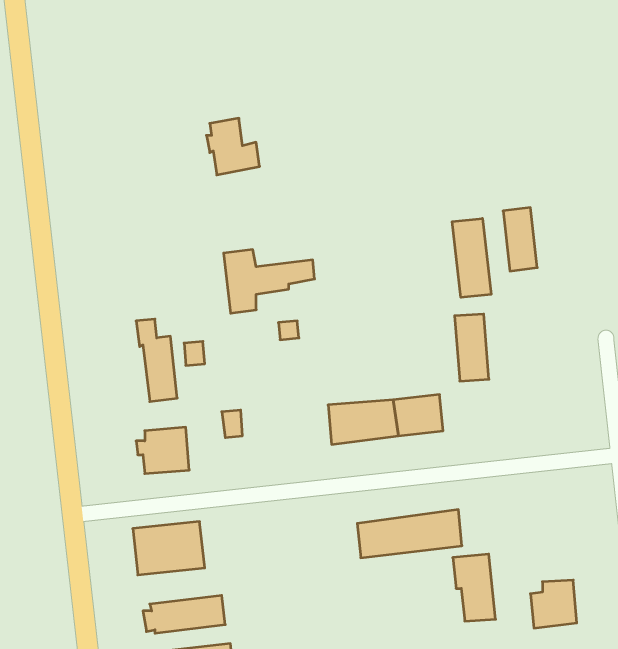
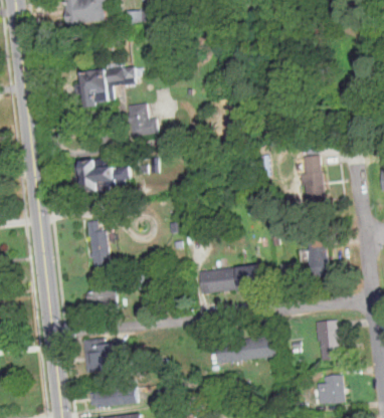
building: none -> [75,67,138,110]
building: [452,218,491,297] -> none
building: [224,250,315,313] -> [74,160,128,197]
building: [455,314,489,381] -> [309,239,329,278]
building: [453,554,496,621] -> [315,320,340,359]

